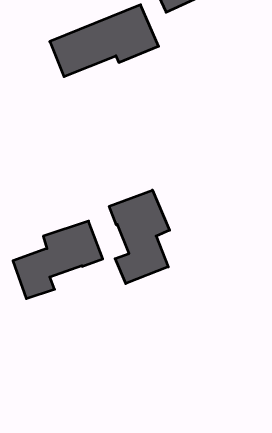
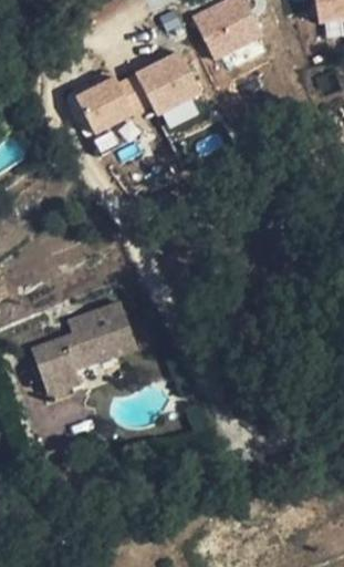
building: [109,190,170,284] -> none

